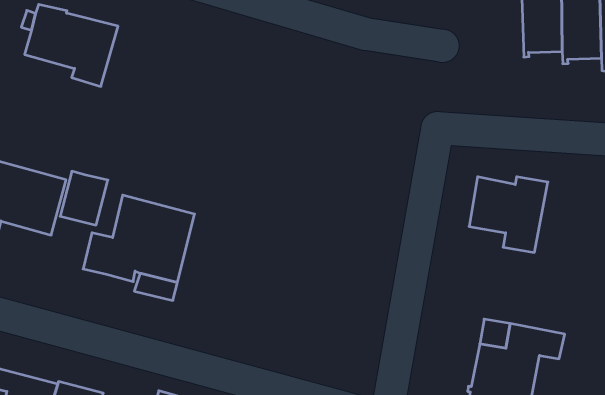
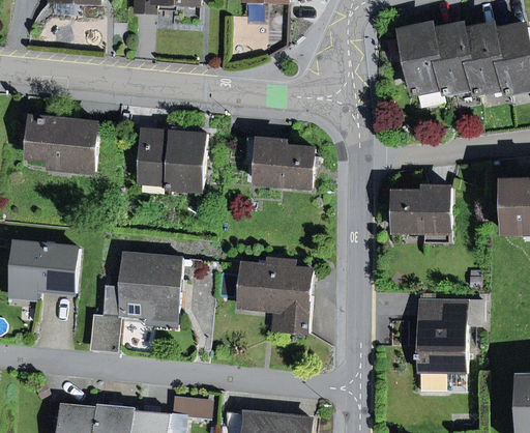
building: none -> [138,128,205,190]
building: none -> [244,137,313,186]
building: [60,171,108,225] -> [89,313,121,351]
building: none -> [237,258,311,331]

